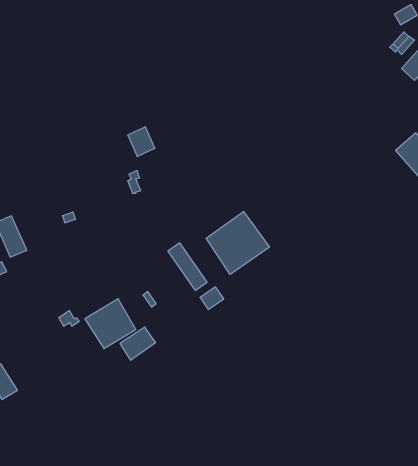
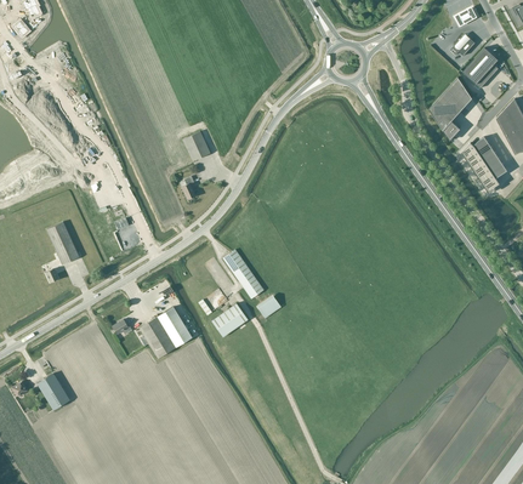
building: none -> [427,76,472,142]
building: [206,212,269,274] -> none
building: [120,327,156,360] -> [211,303,248,337]

